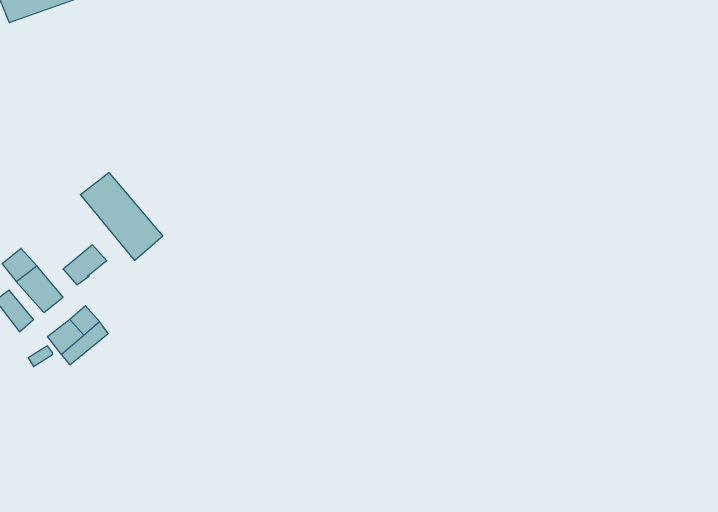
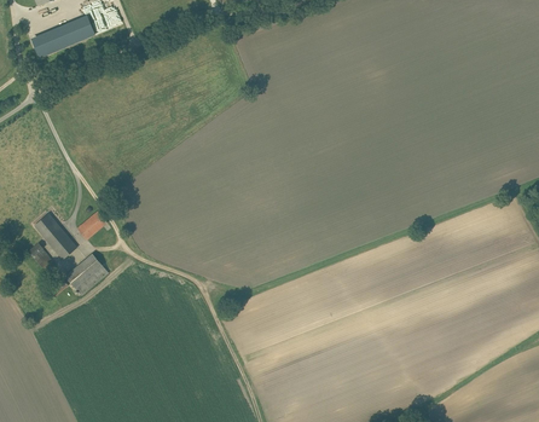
building: [80,173,163,260] -> none

